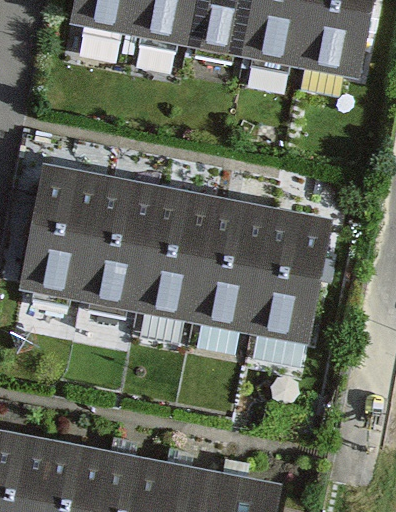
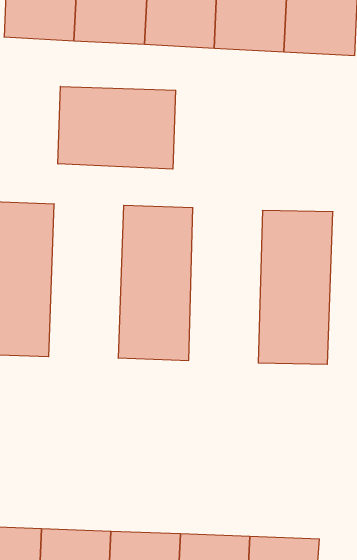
building: none -> [58,86,176,169]
building: [76,175,157,310] -> none
building: [191,196,271,332] -> none

